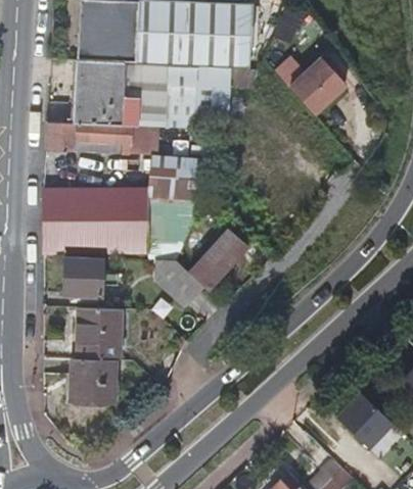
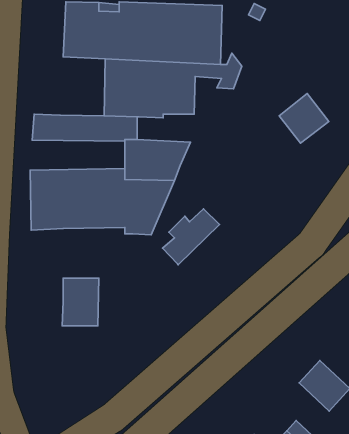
building: [283,56,337,110] -> [279,93,329,143]
building: [76,63,125,128] -> none
building: [153,256,203,307] -> none
building: [64,258,118,300] -> none
building: [70,356,114,401] -> none

